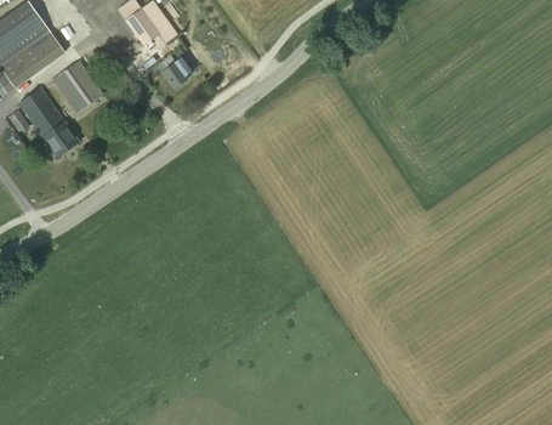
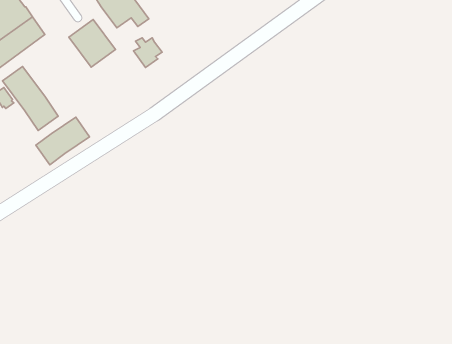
building: [52,61,103,113] -> [69,19,115,67]
building: none -> [36,117,90,165]

